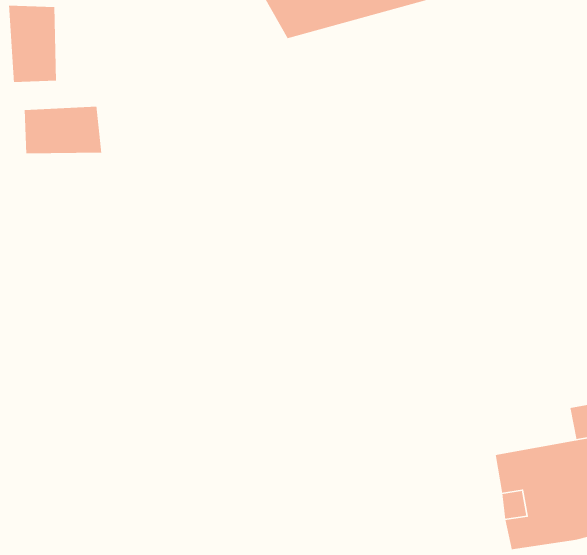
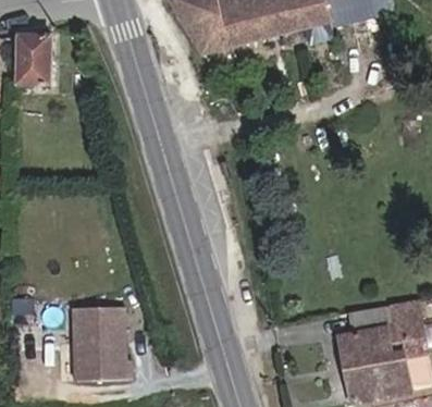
building: [24,106,102,154] -> none
building: none -> [73,309,129,383]

